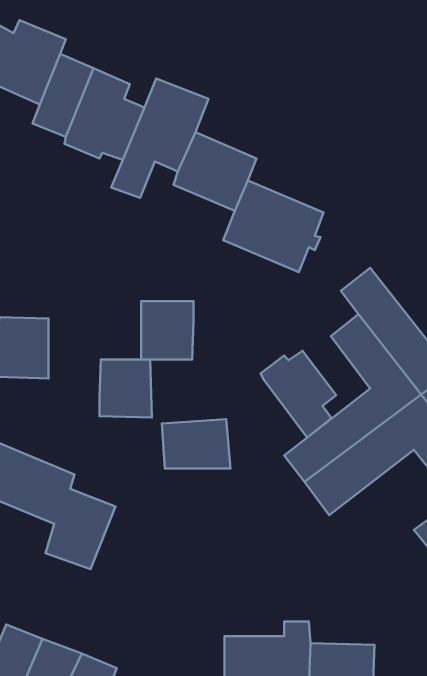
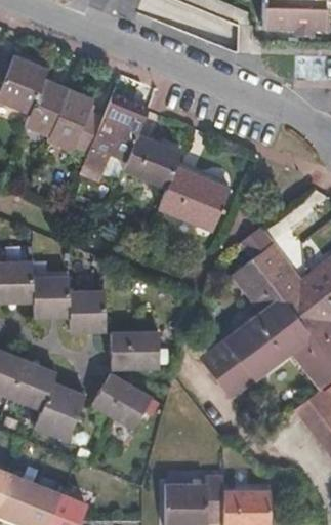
building: [141,301,194,359] -> [36,277,73,318]
building: [261,351,336,438] -> none
building: none -> [95,371,155,427]

